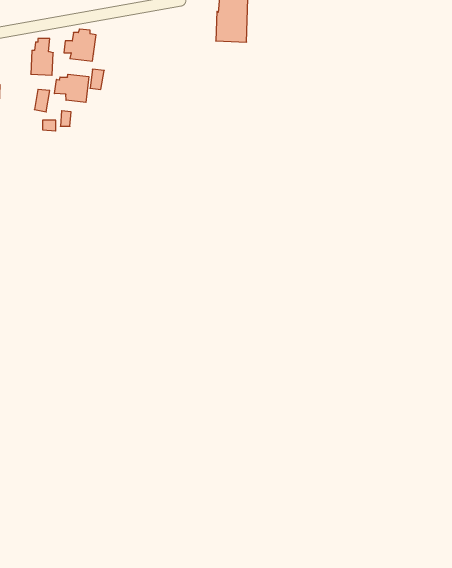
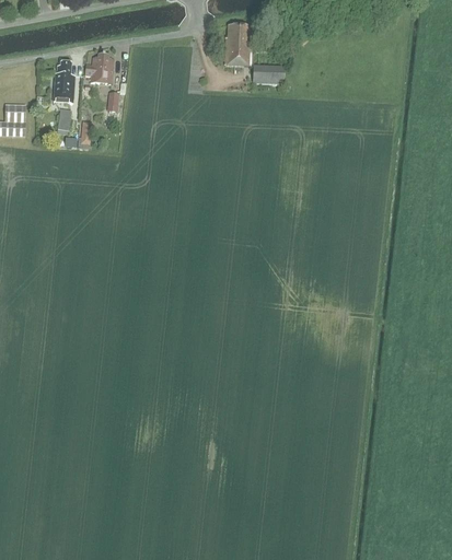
building: none -> [252,65,285,83]
building: [54,74,89,102] -> none

